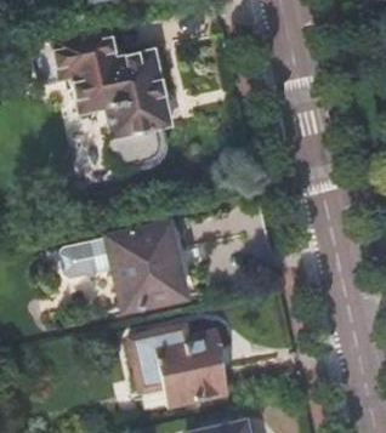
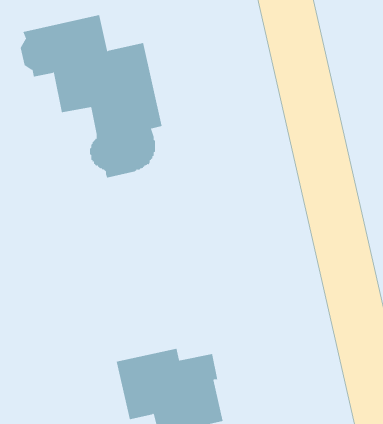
building: [59,222,197,310] -> none

